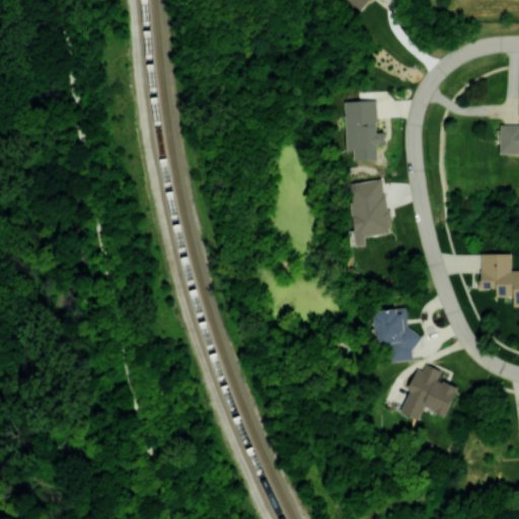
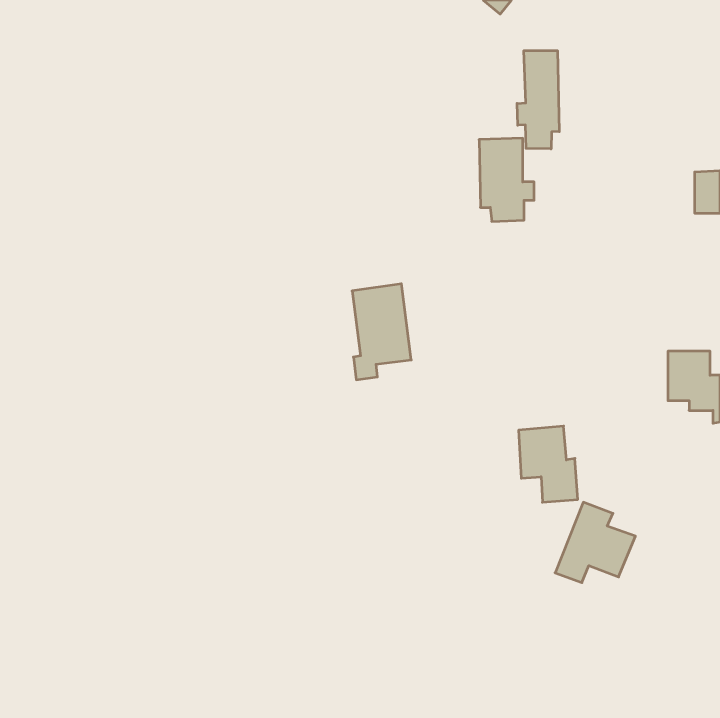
building: none -> [517,51,559,149]
building: [348,179,390,248] -> [352,284,411,380]

